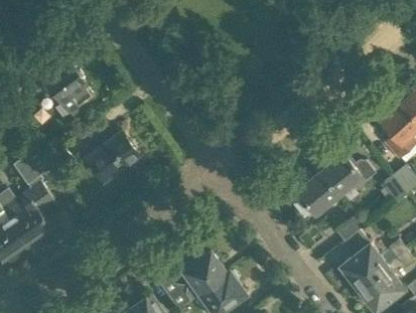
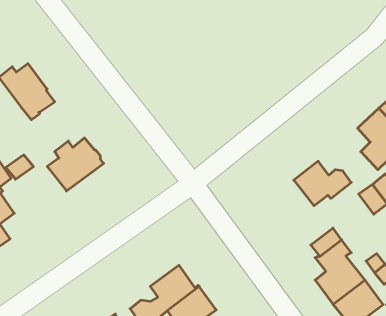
building: [296,172,339,215] -> none

